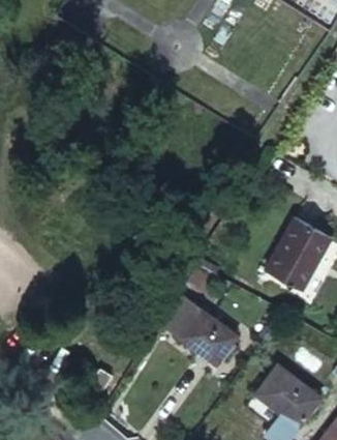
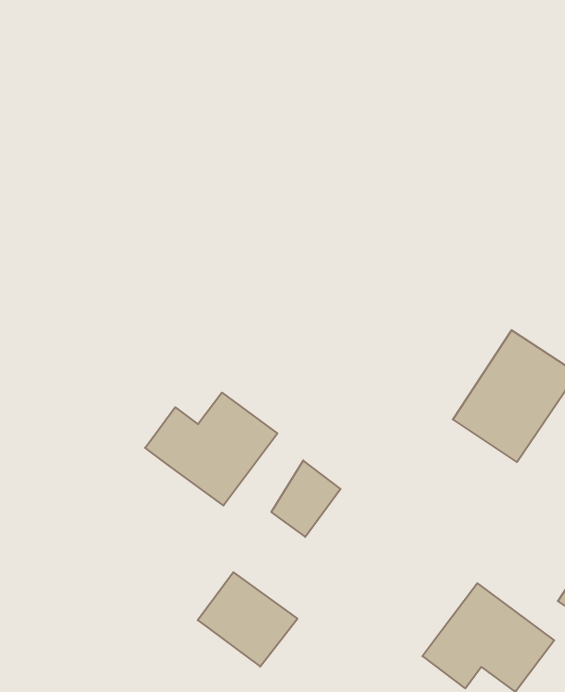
building: none -> [145,393,277,506]
building: [181,310,239,364] -> [198,572,297,667]

